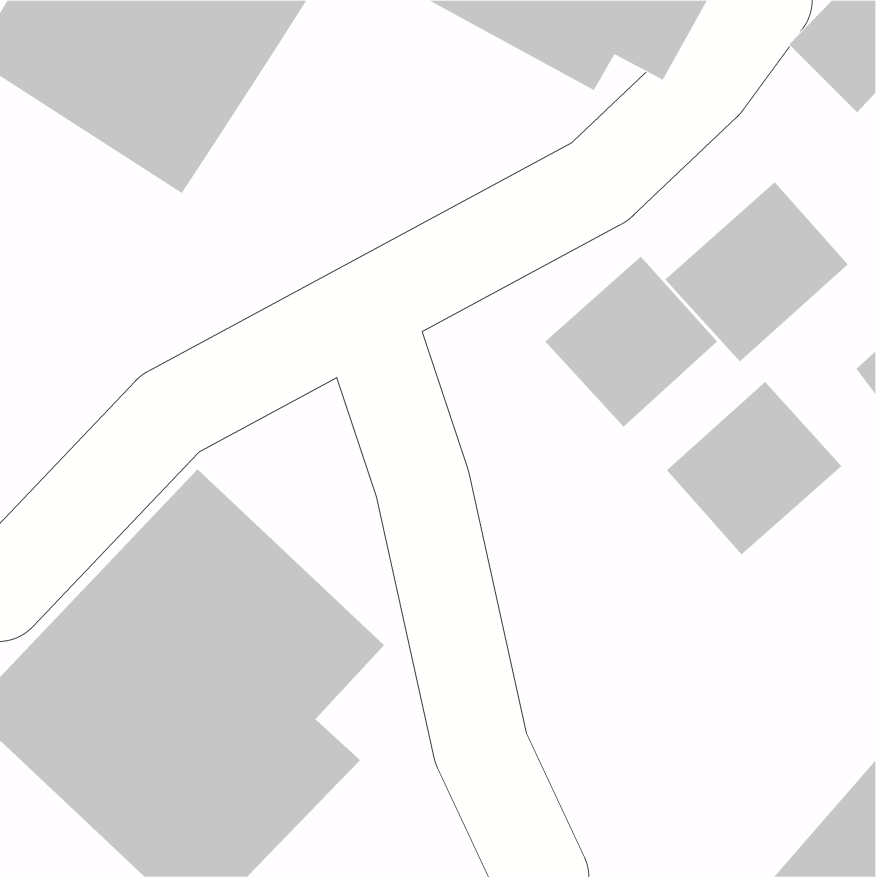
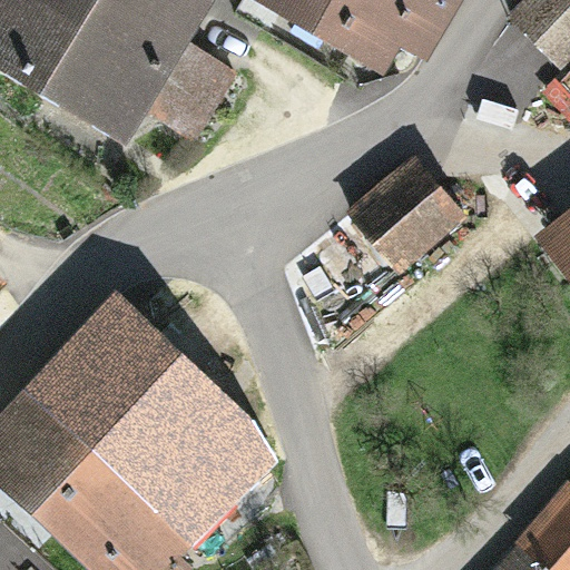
building: none -> [139,33,228,127]
building: [664,182,848,362] -> none
building: [666,381,842,555] -> none

